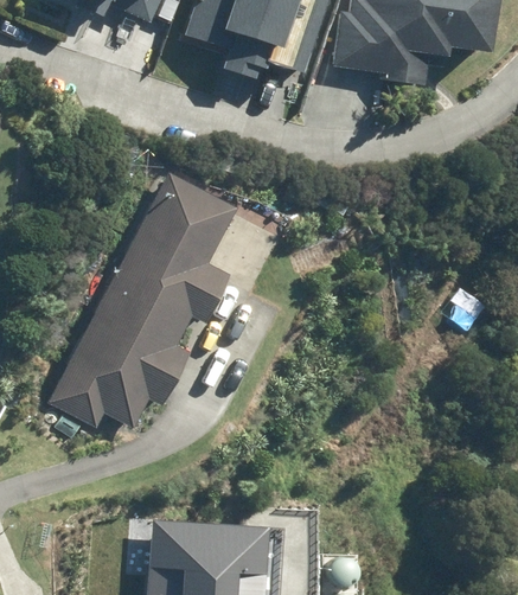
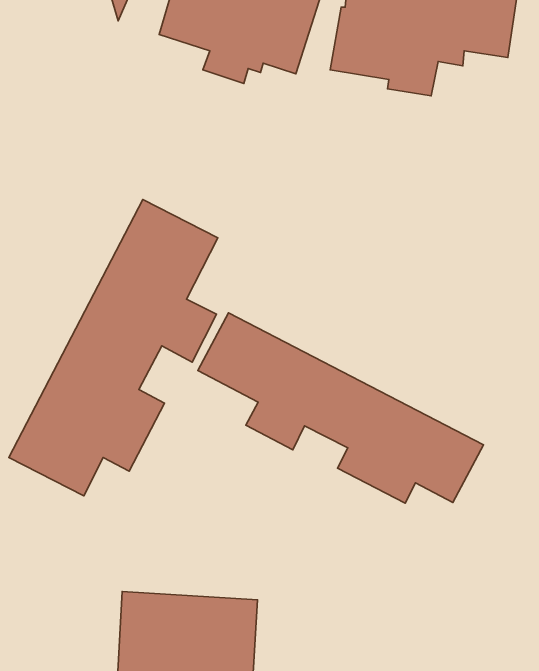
building: none -> [198,313,483,503]

